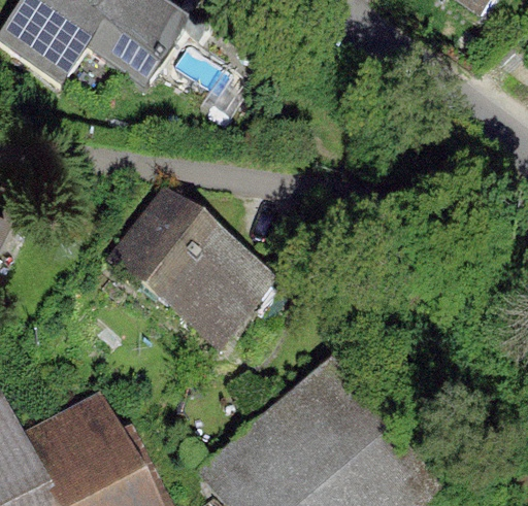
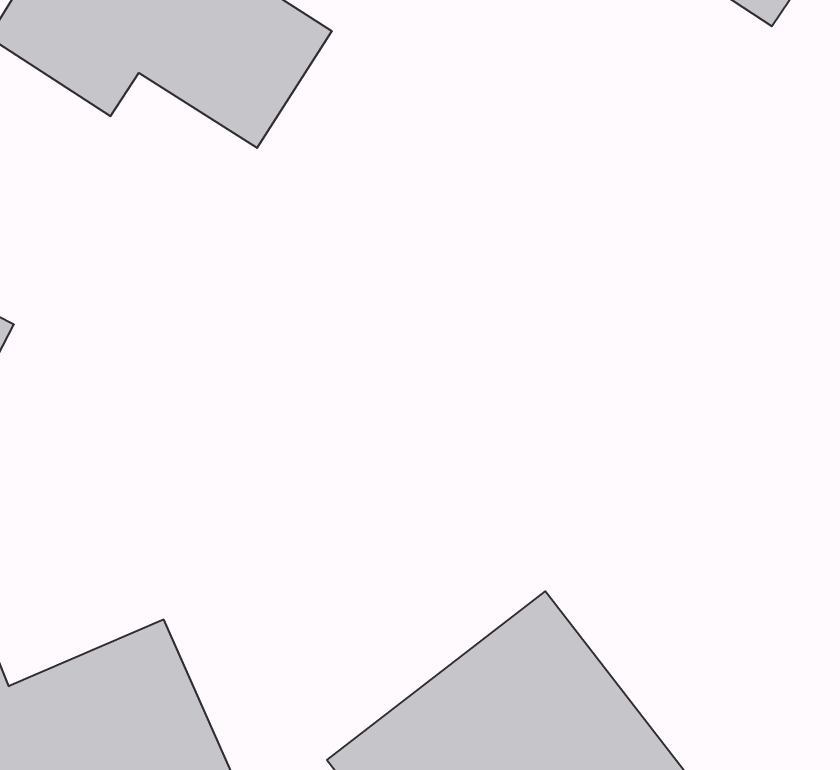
building: [105,201,269,353] -> none

